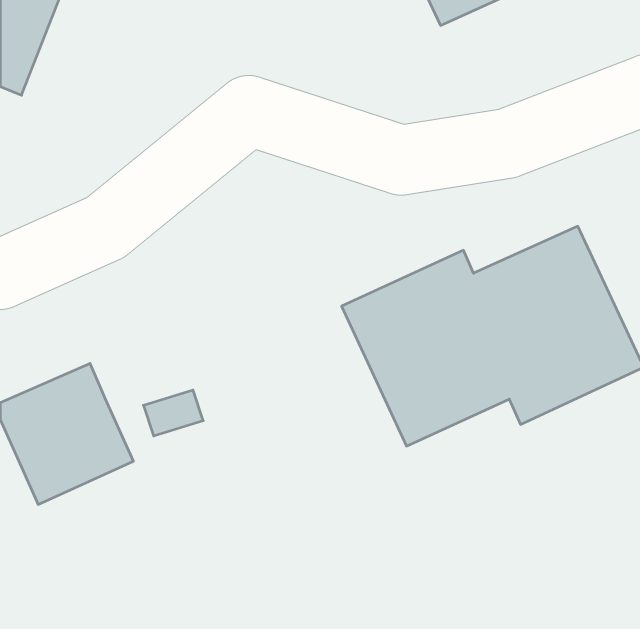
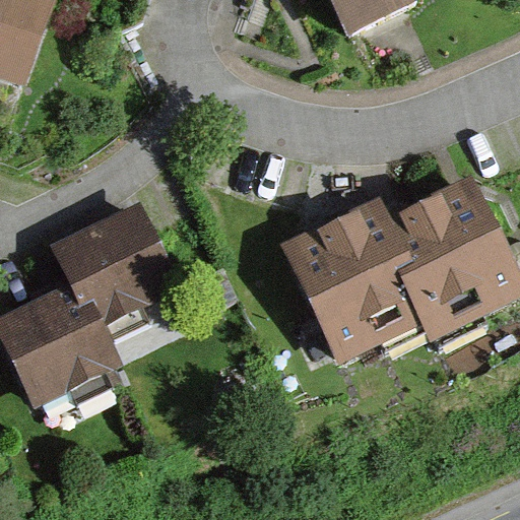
building: none -> [58,206,177,319]

